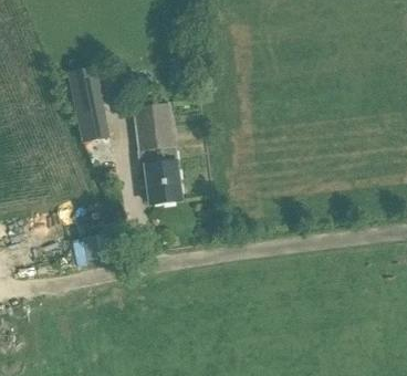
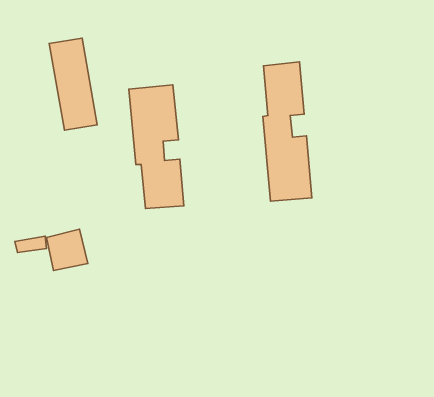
building: none -> [263,62,312,201]

